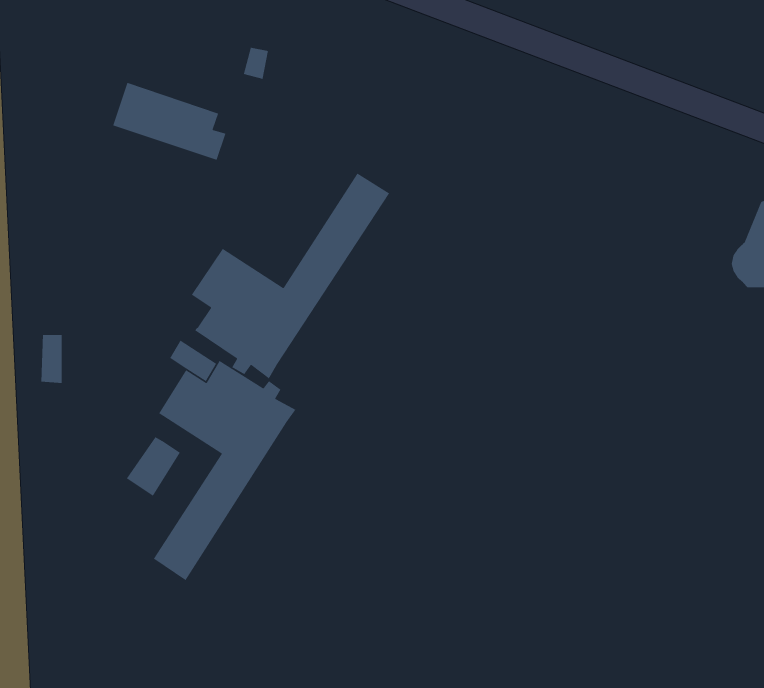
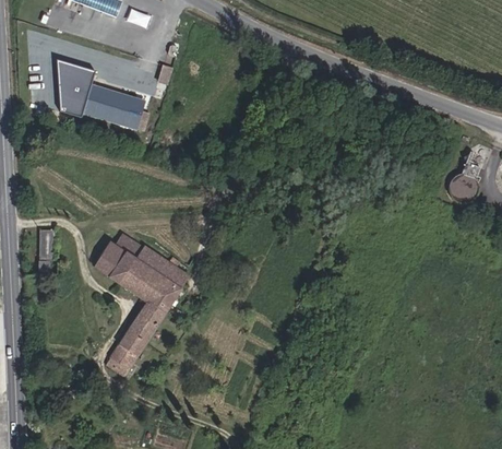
building: none -> [55,57,94,115]
building: [191,173,390,379] -> none
building: [126,436,181,497] -> [93,243,126,279]

